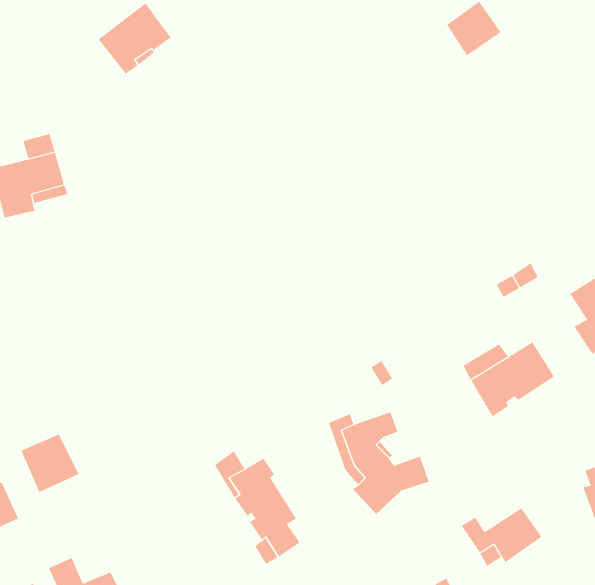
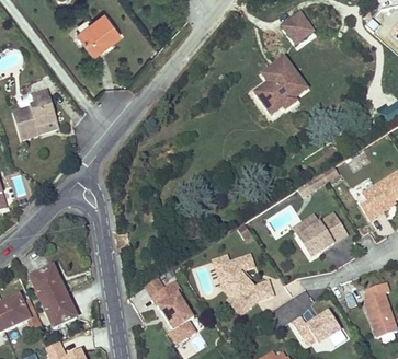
building: none -> [247,53,310,120]
building: none -> [41,291,77,327]

